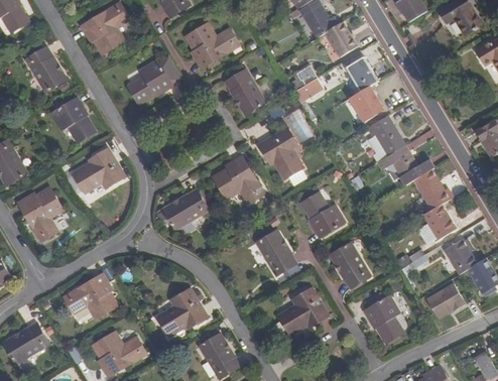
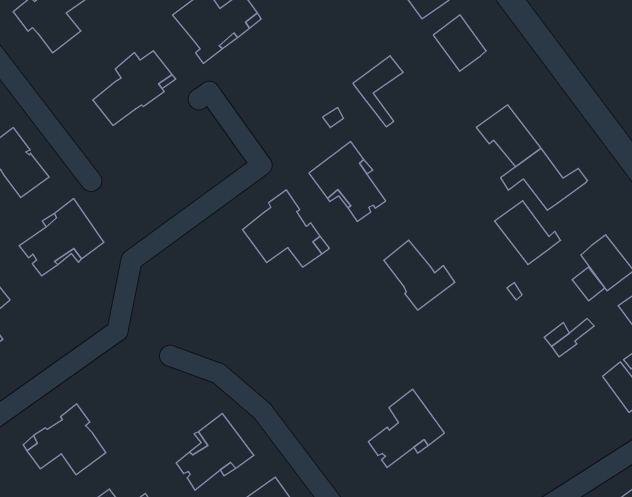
building: [286,65,317,92] -> none
building: [224,70,264,115] -> none
building: [352,83,382,117] -> none
building: [412,168,453,209] -> [494,201,561,265]
building: [161,187,207,229] -> none
building: [256,230,295,275] -> none
building: [329,243,369,290] -> none
building: [363,298,402,346] -> none

